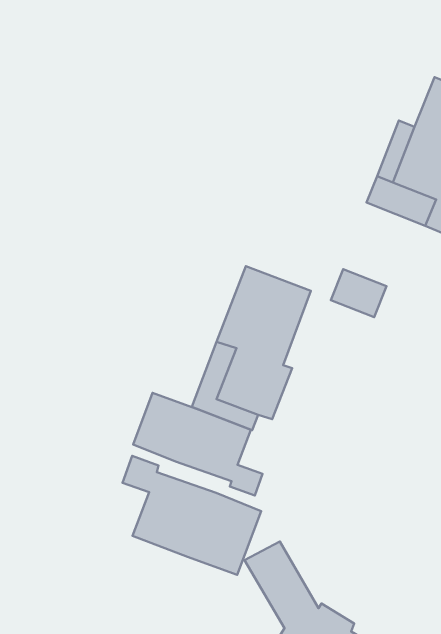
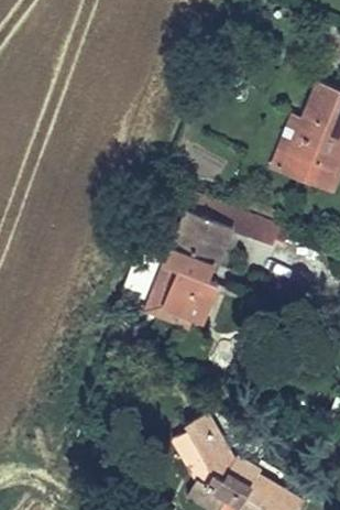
building: [133,393,262,496] -> none
building: [123,456,261,575] -> none

